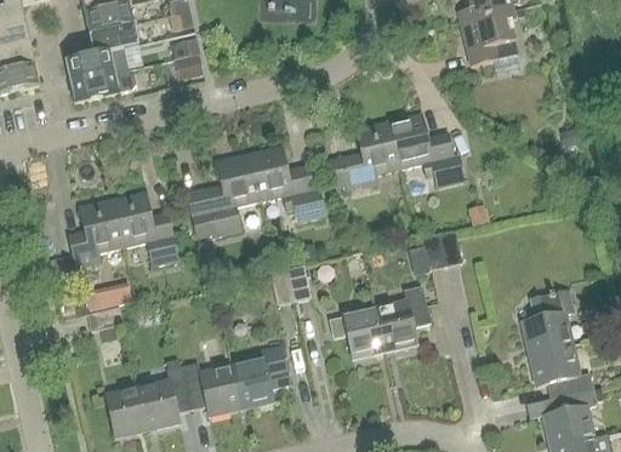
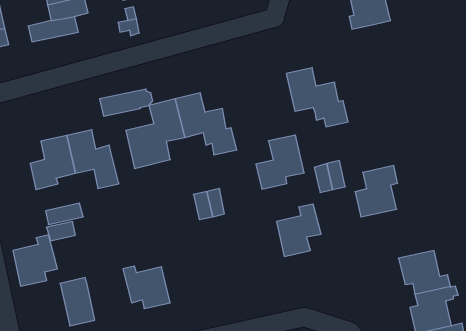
building: [68,69,135,103] -> [100,89,153,116]
building: [337,121,398,189] -> [256,135,304,189]
building: [520,288,574,353] -> [355,166,398,217]
building: [329,307,384,359] -> none
building: [230,344,290,408] -> none
building: [137,366,193,430] -> [13,235,57,286]

